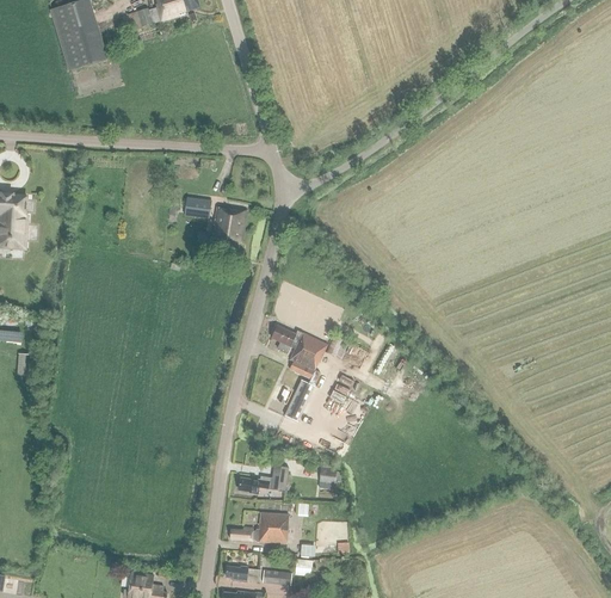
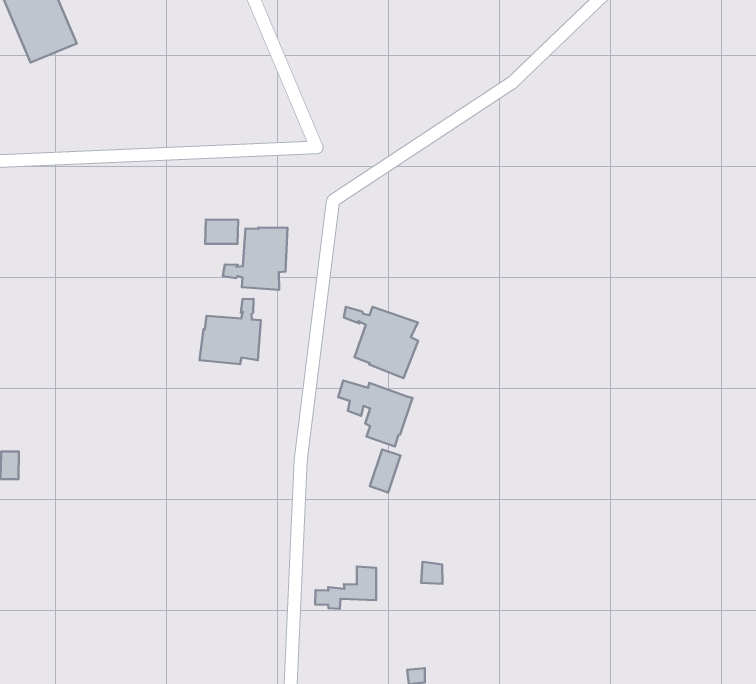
building: none -> [200,299,261,364]
building: none -> [344,307,418,378]
building: [228,512,288,543] -> none

